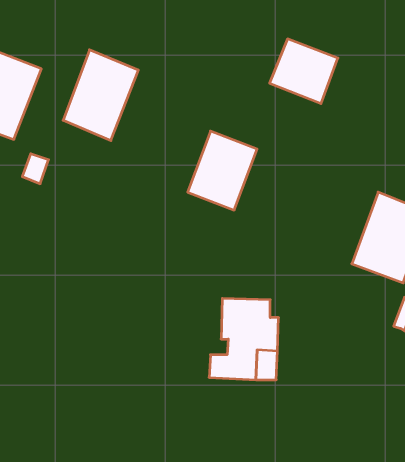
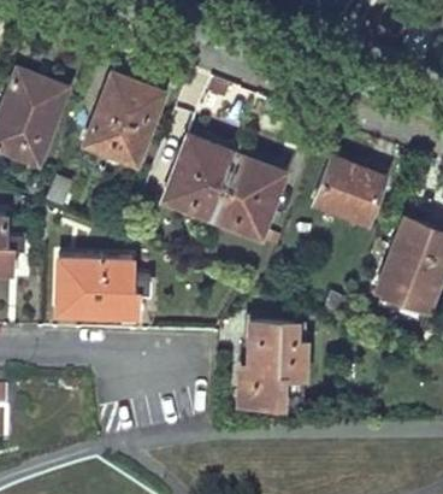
building: [270,39,338,104] -> [315,159,384,224]
building: none -> [165,136,236,217]
building: none -> [57,260,138,318]

